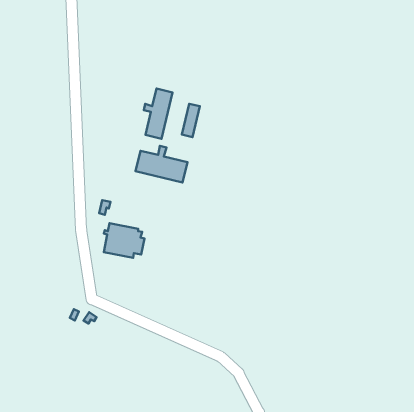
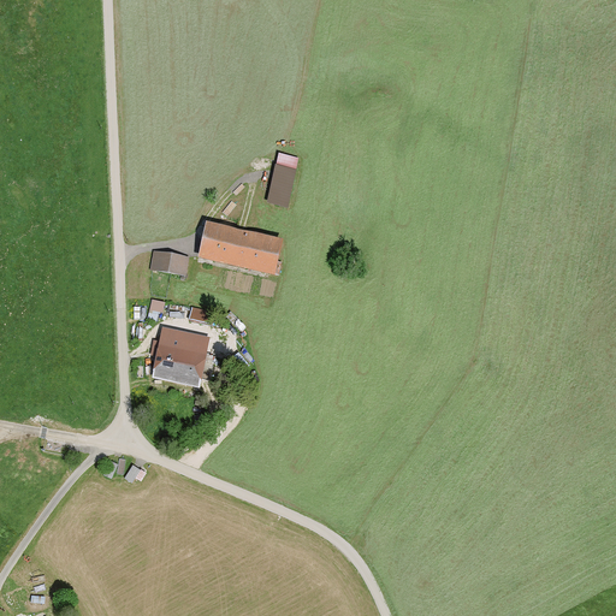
building: [144,89,172,139] -> none
building: none -> [152,250,185,272]

